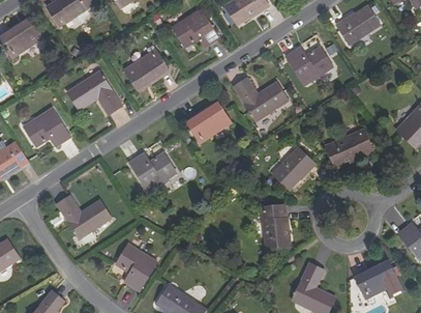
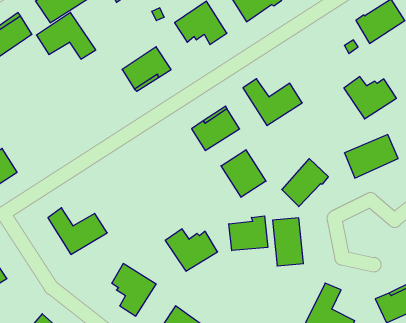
building: [285,48,333,86] -> [344,77,396,119]
building: [68,72,122,114] -> [36,12,96,59]
building: [23,108,70,146] -> none
building: none -> [221,150,266,197]
building: [129,152,177,191] -> [165,229,218,271]
building: none -> [229,216,268,251]

